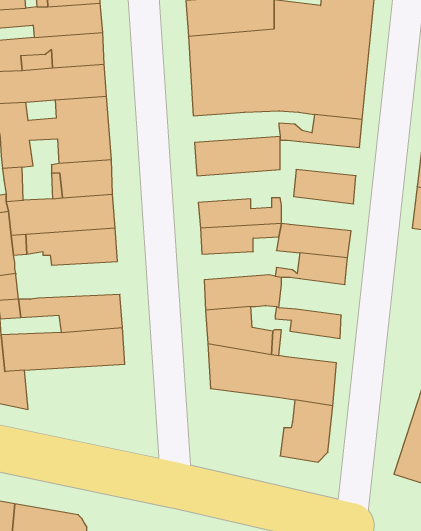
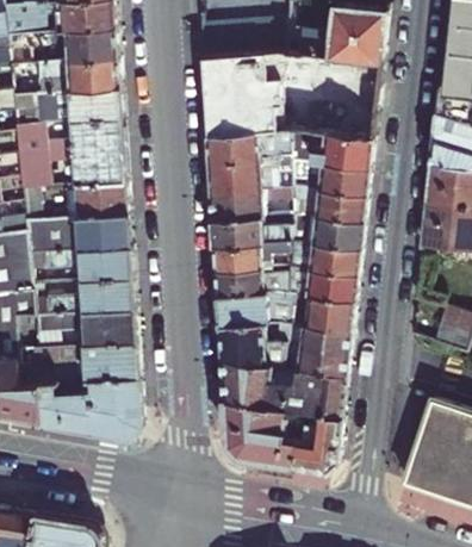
building: none -> [206,131,291,162]
building: none -> [306,161,368,194]
building: none -> [210,188,291,220]
building: none -> [300,215,362,248]
building: none -> [215,268,287,296]
building: none -> [46,278,135,315]
building: none -> [306,294,354,330]
building: none -> [297,346,349,377]
building: none -> [42,378,142,439]
building: none -> [223,402,294,467]

